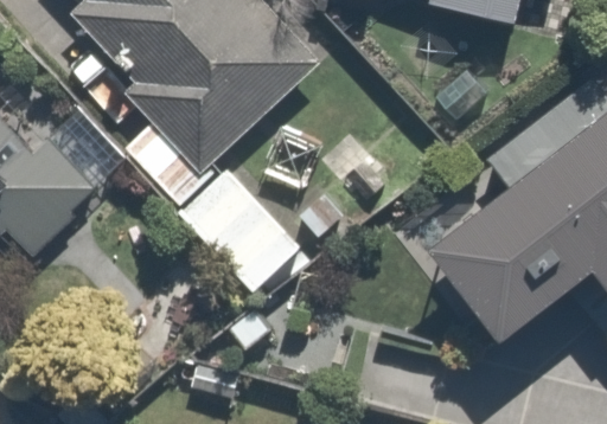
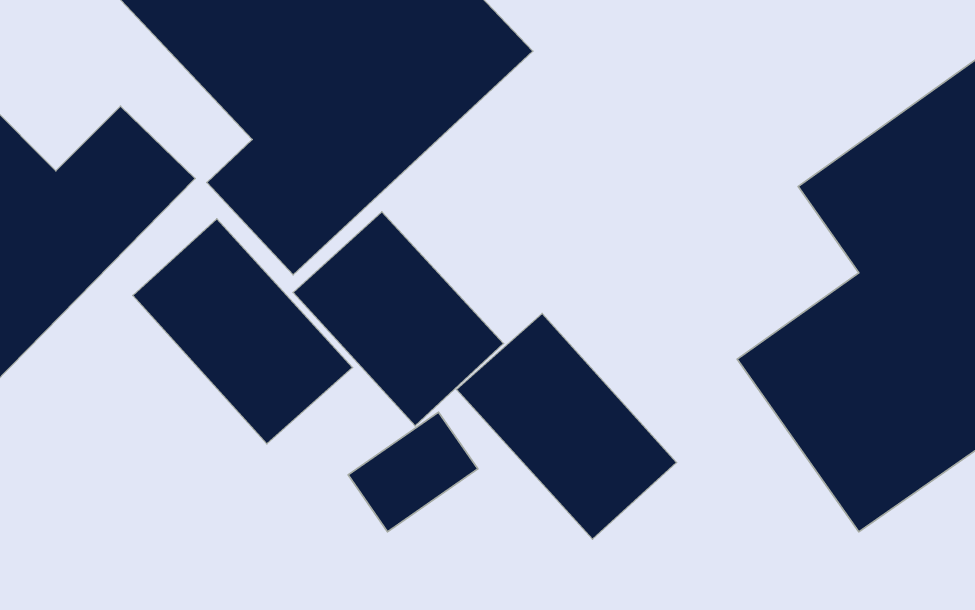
building: none -> [133,219,353,444]
building: none -> [456,314,676,539]

